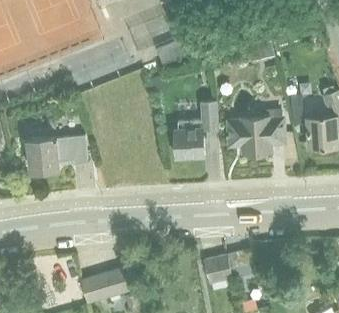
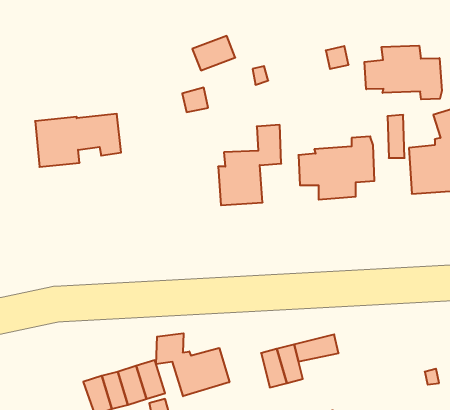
building: none -> [364,46,442,99]
building: [28,135,88,172] -> [35,114,121,167]
building: none -> [156,333,229,396]

